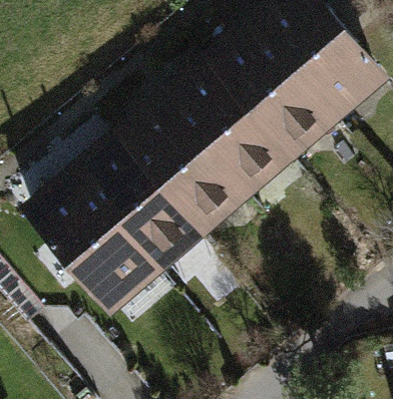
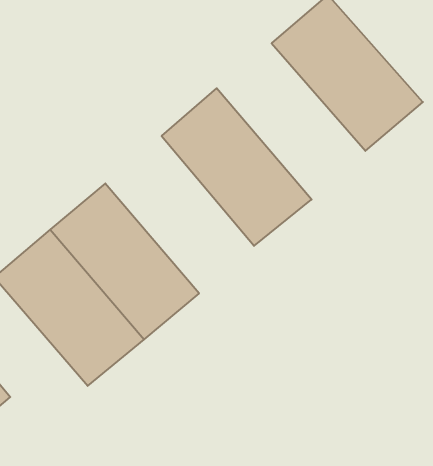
building: [213,35,332,160] -> none
building: [123,109,243,236] -> none

